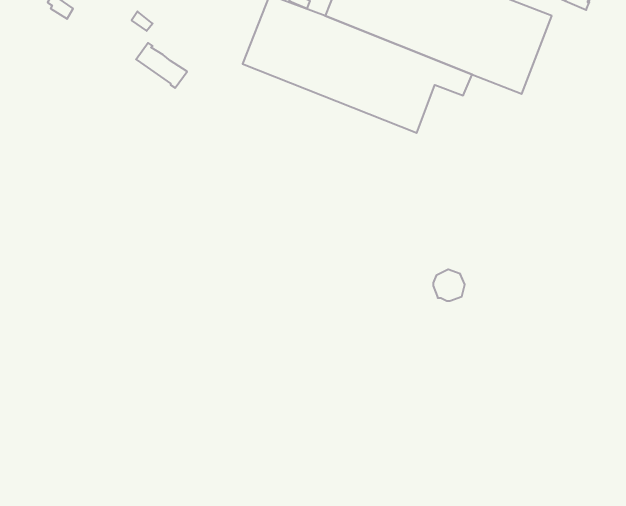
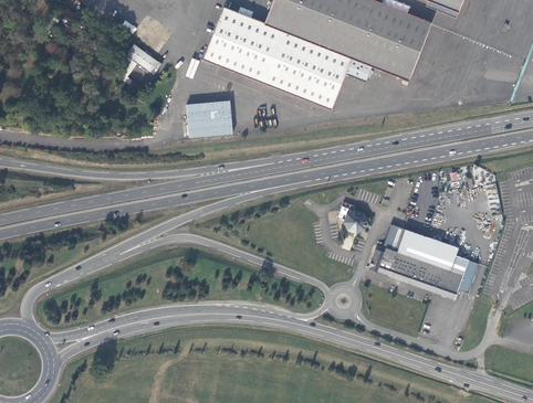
building: none -> [187,100,232,136]
building: none -> [368,223,479,298]

